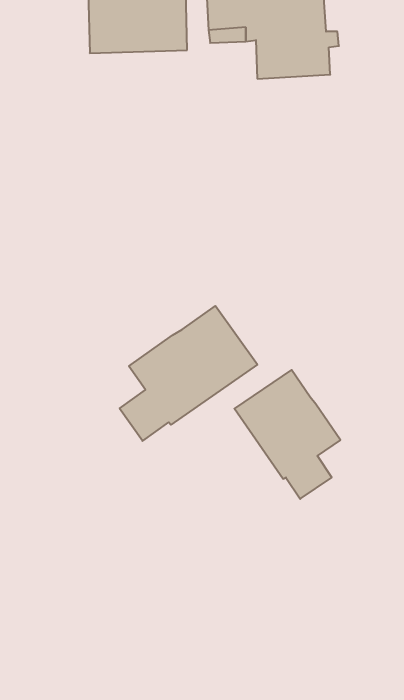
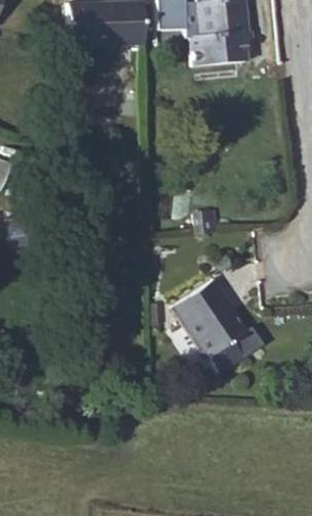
building: [120,306,257,441] -> none

